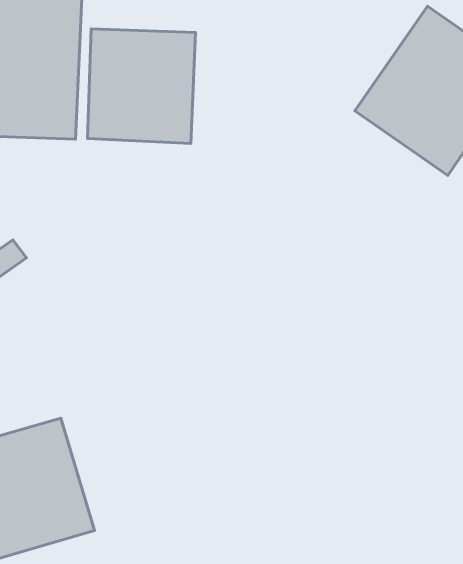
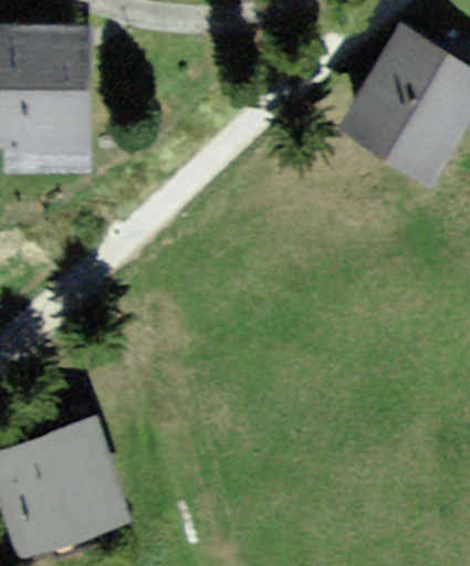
building: [87,29,195,143] -> none

